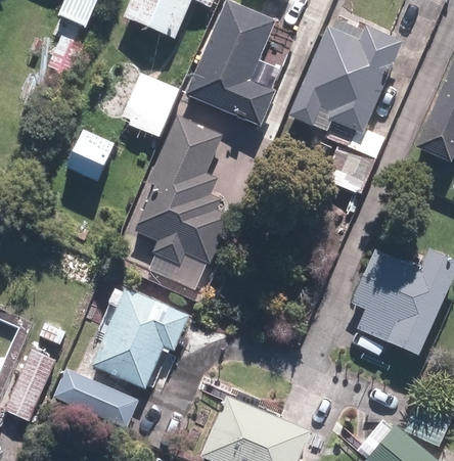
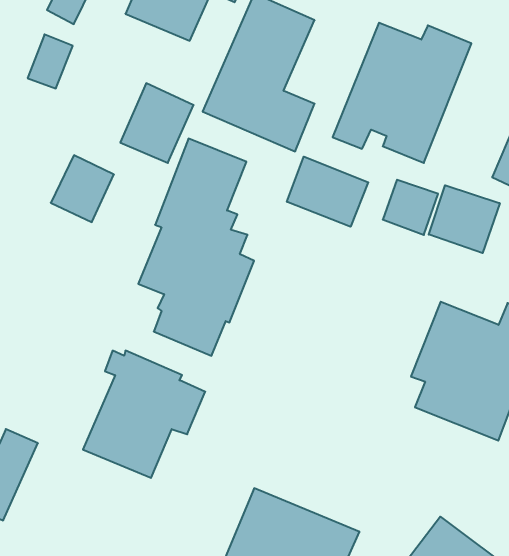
building: none -> [287,157,368,227]
building: none -> [429,185,500,253]
building: [53,368,137,427] -> none

